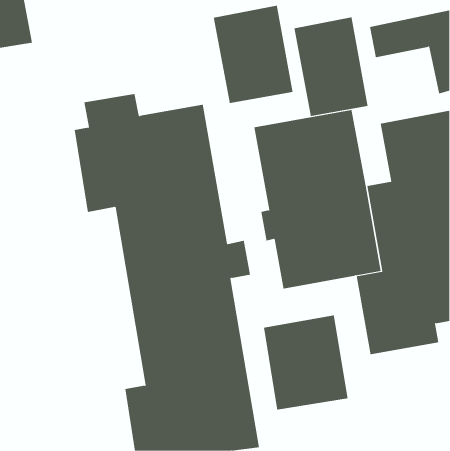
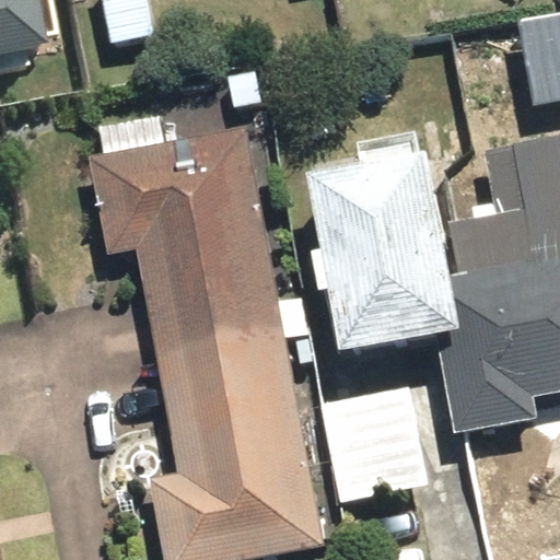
building: [213,5,293,104] -> none
building: [294,17,368,117] -> none

